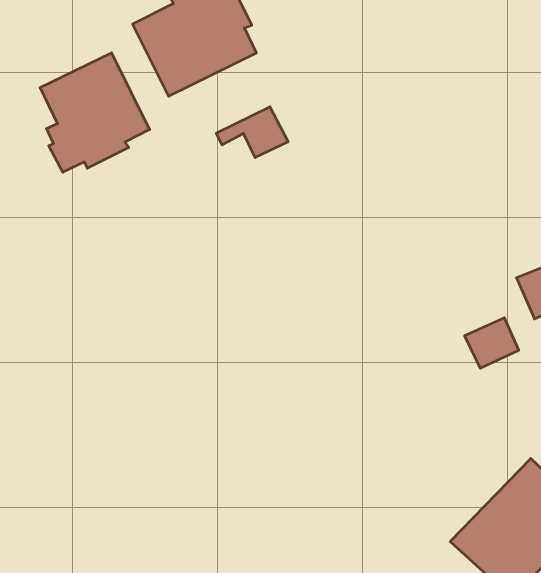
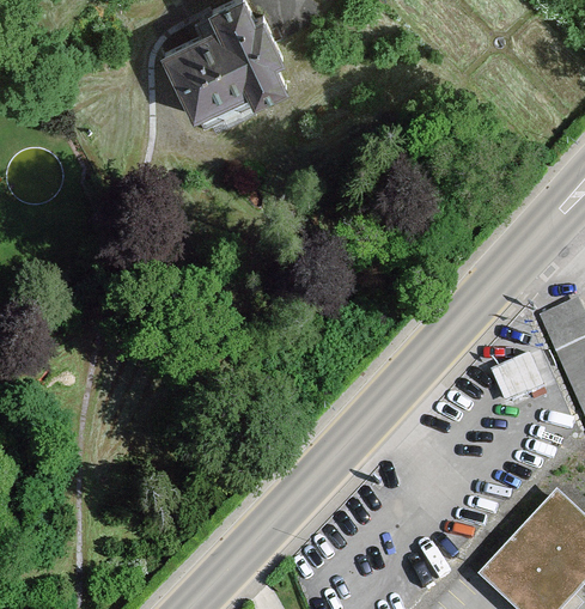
building: [40,53,150,172] -> none
building: [216,107,288,158] -> none

